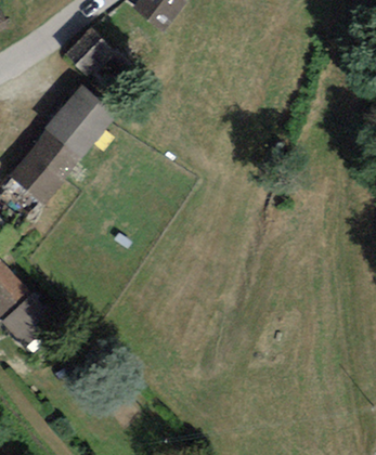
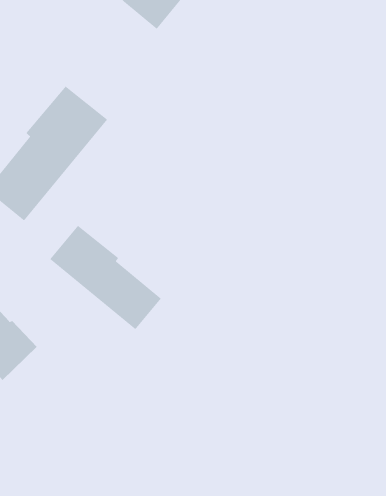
building: [64,28,113,77] -> none
building: none -> [49,225,162,330]

